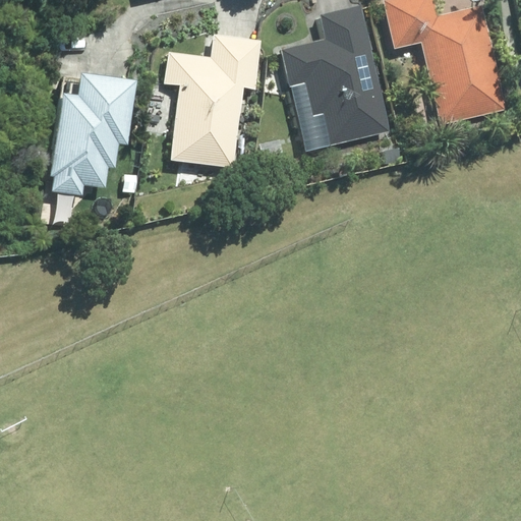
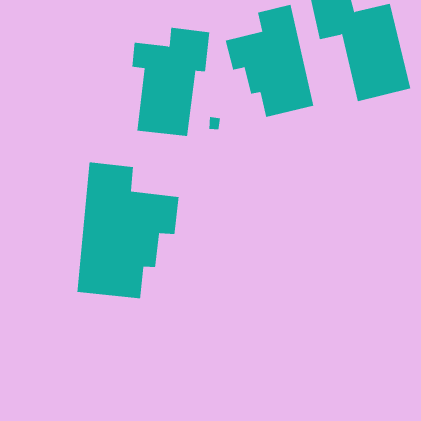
building: [50,73,135,184] -> none
building: none -> [77,162,179,299]

